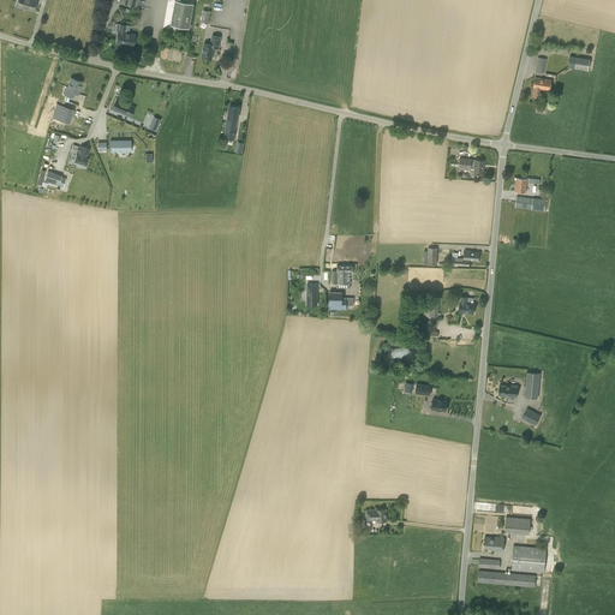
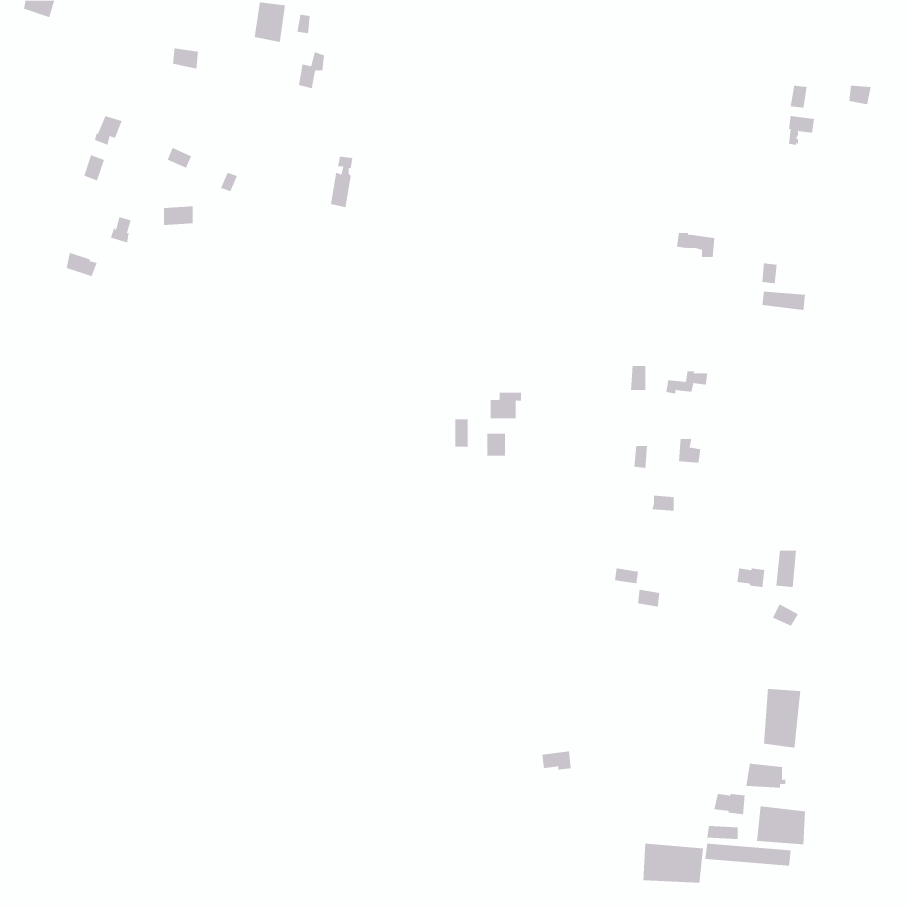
building: none -> [764,688,801,749]
building: none -> [643,843,704,884]

